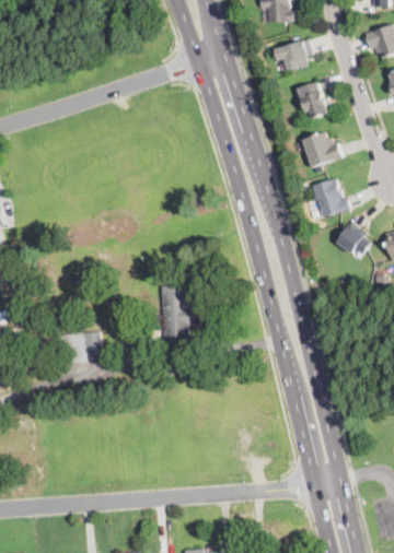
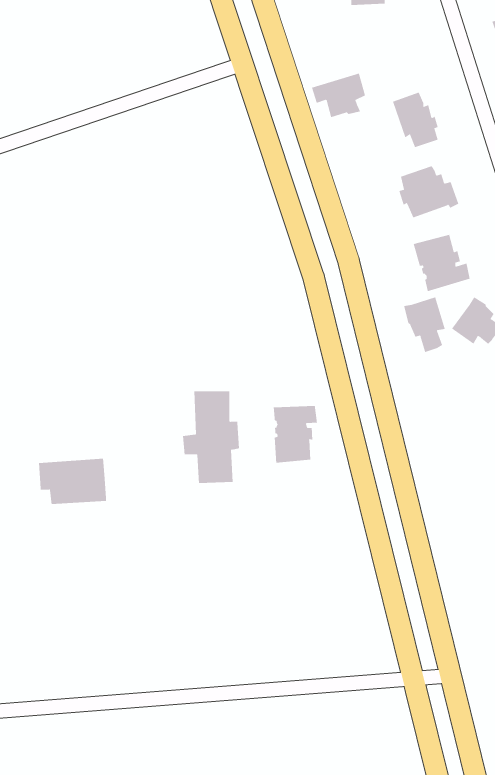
building: [275,39,312,70] -> [311,73,366,118]
building: none -> [404,296,445,353]
building: none -> [273,405,317,463]

